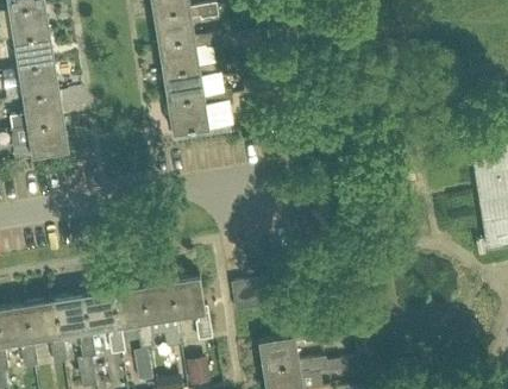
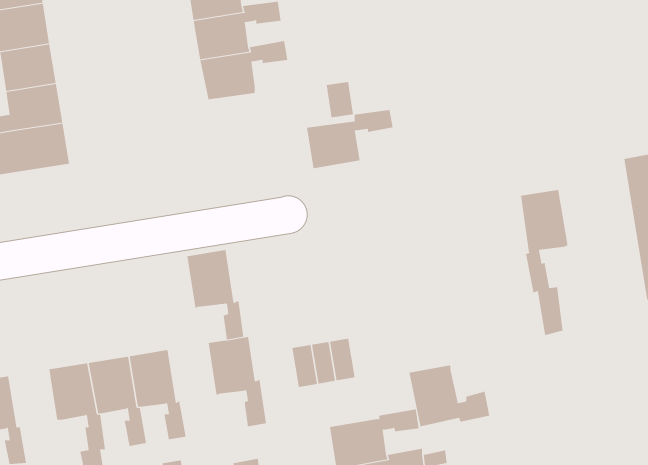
building: [169,92,232,134] -> [306,110,393,169]
building: none -> [521,189,568,336]
building: [140,281,182,346] -> [187,250,244,340]
building: none -> [409,364,490,427]
building: [25,300,67,364] -> none

